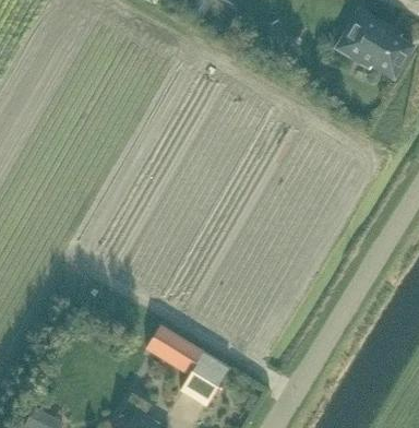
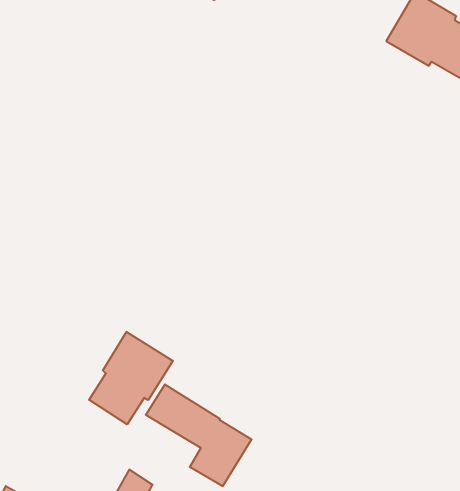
building: none -> [89,332,173,424]

